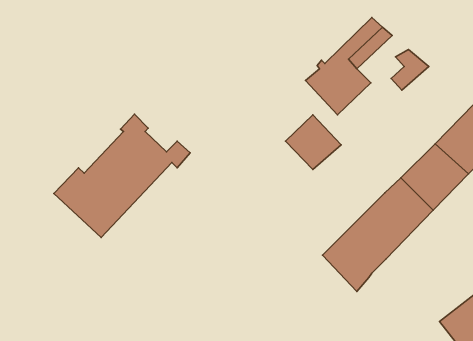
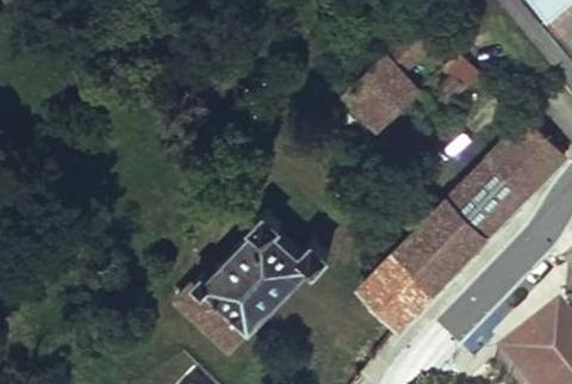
building: [54,114,190,237] -> [176,211,328,348]
building: [285,115,341,170] -> none

